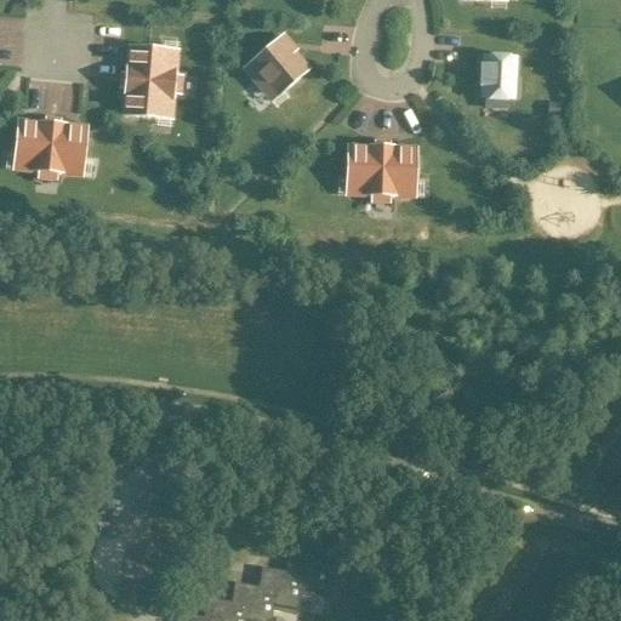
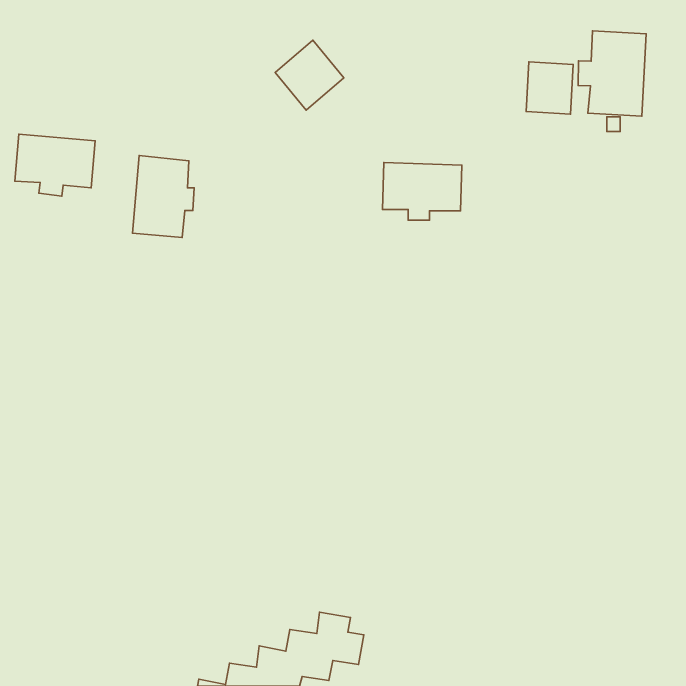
building: none -> [578,31,646,116]
building: [120,47,176,121] -> [132,155,194,237]

